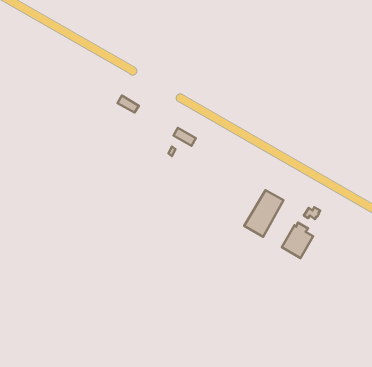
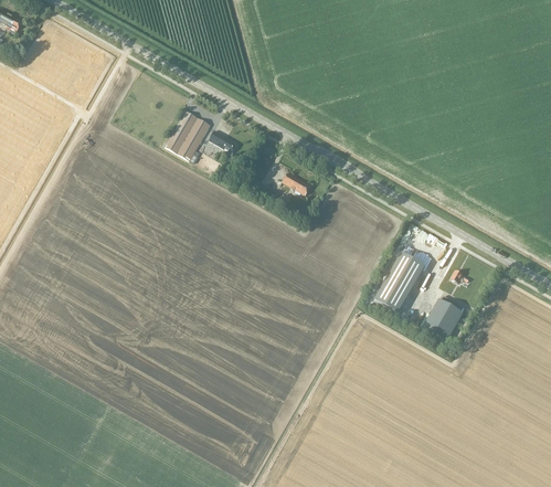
building: none -> [166,112,211,162]

